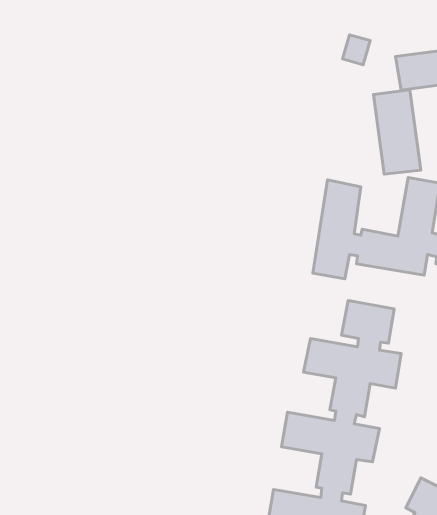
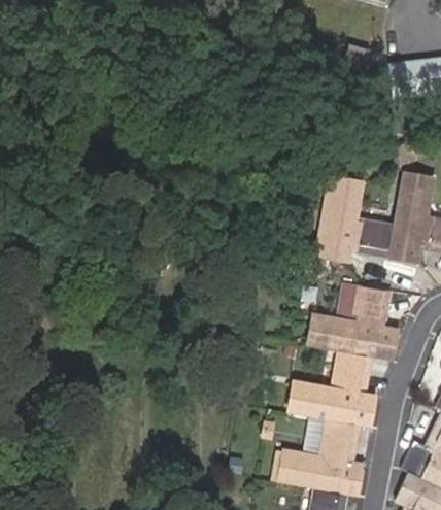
building: [374,90,421,174] -> none

